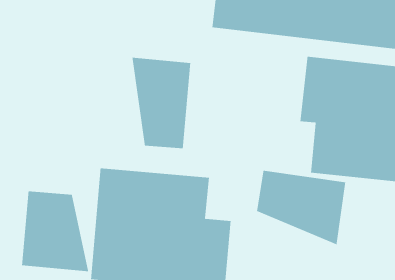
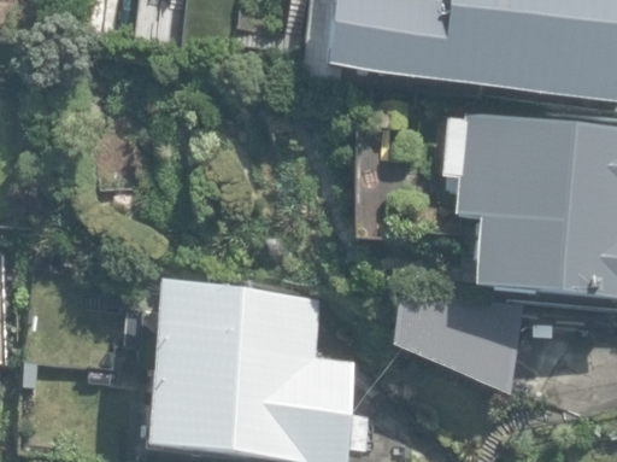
building: [132,57,191,149] -> none
building: [21,191,89,272] -> none

